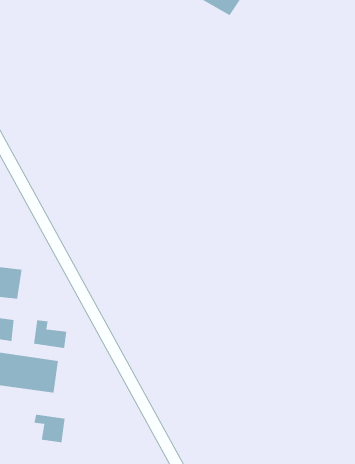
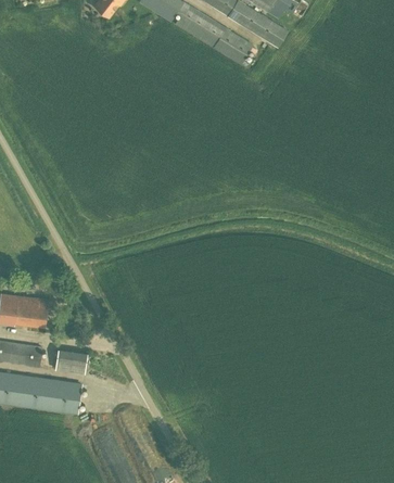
building: [34,414,66,443] -> none

